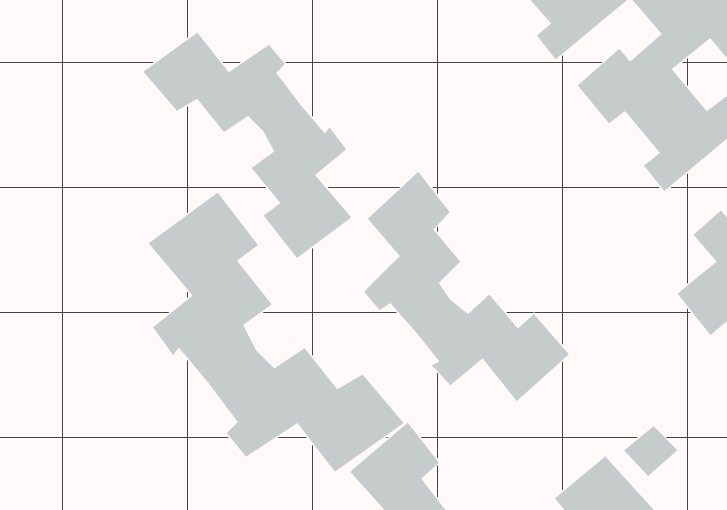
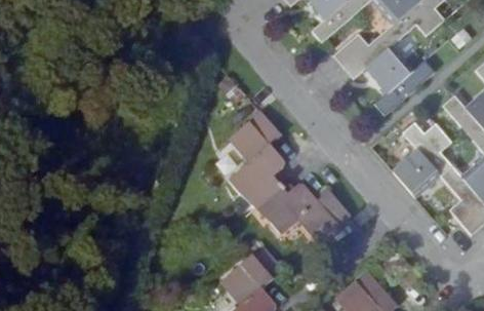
building: [142,32,352,259] -> none
building: [147,191,405,473] -> none

